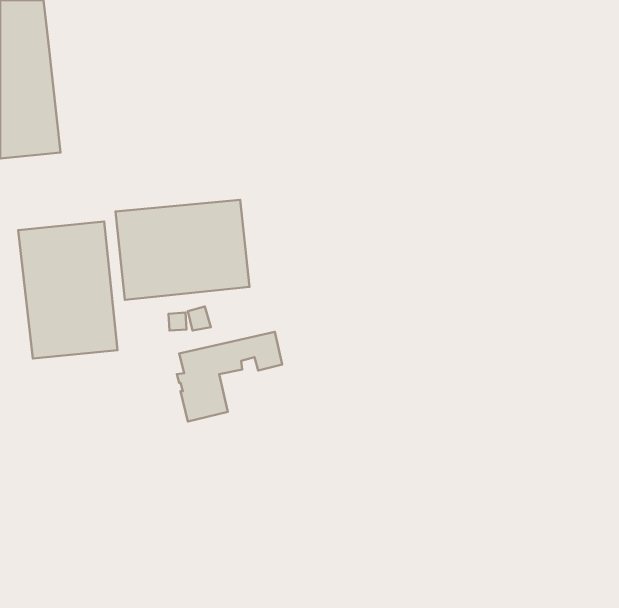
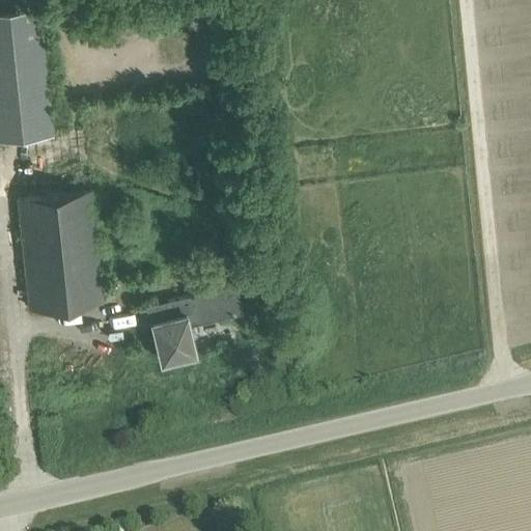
building: [115,200,249,300] -> none

